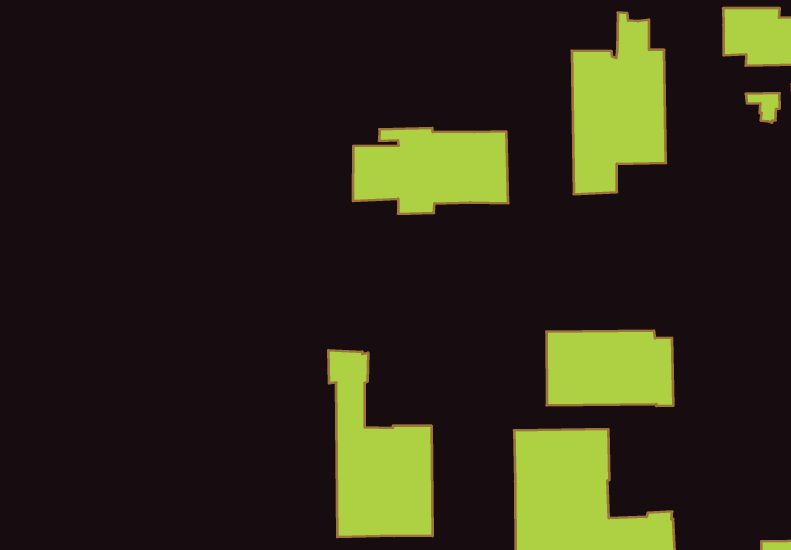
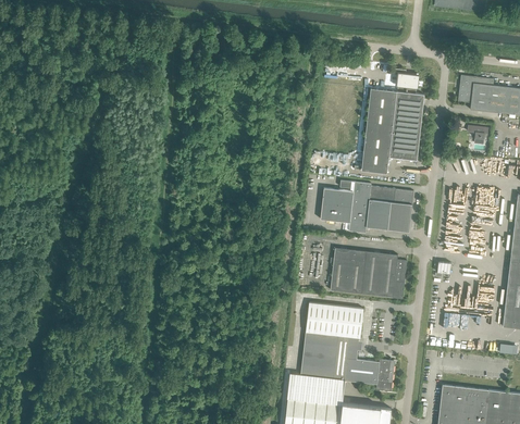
building: [353,128,508,214] -> [320,180,413,233]
building: [328,350,433,537] -> none

